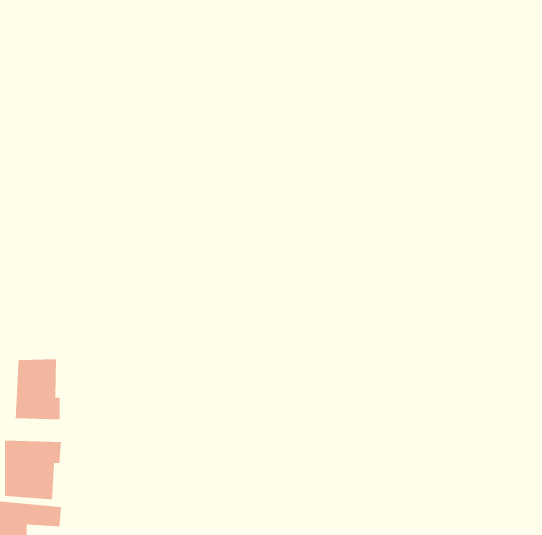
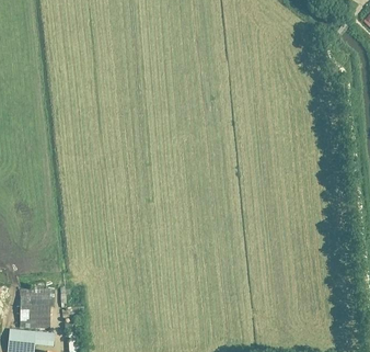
building: [15,358,60,420] -> none

